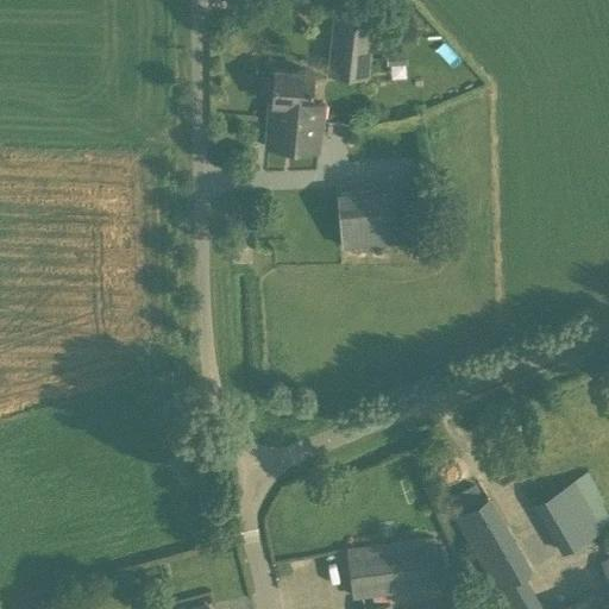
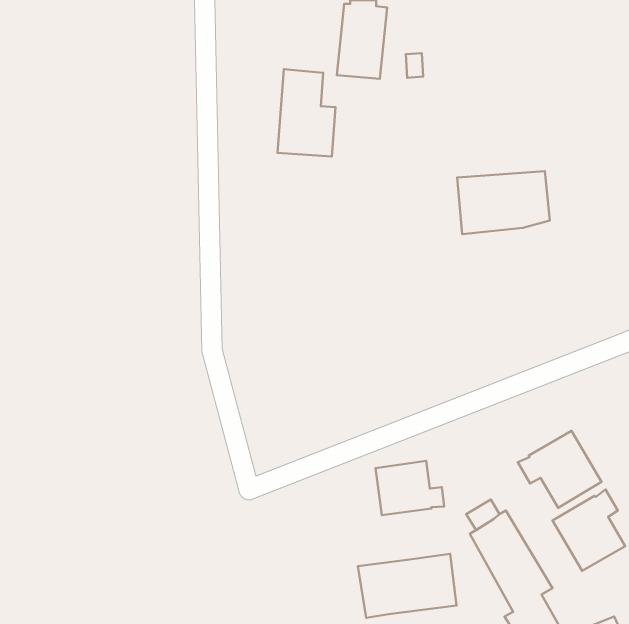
building: [337,190,426,251] -> [457,171,550,234]
building: none -> [518,431,601,508]
building: none -> [375,461,444,515]

